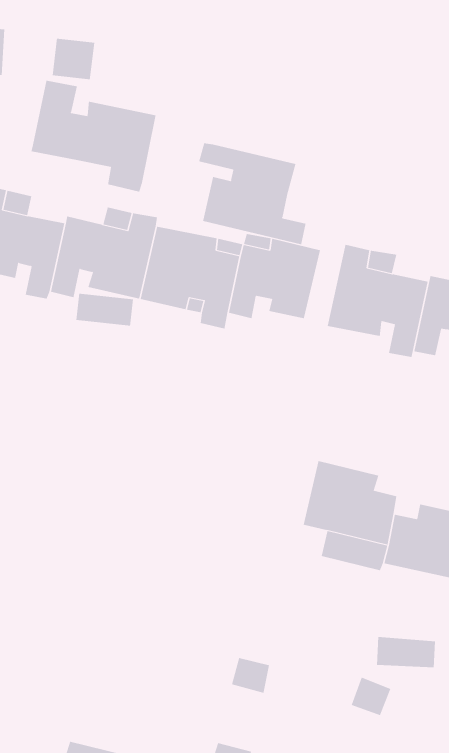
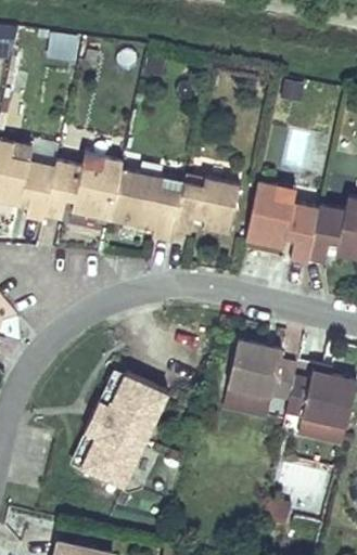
building: [31,80,156,193] -> none
building: [199,143,306,245] -> none
building: none -> [80,372,168,488]

